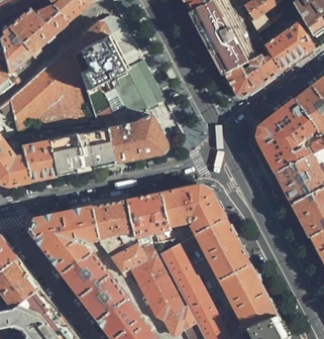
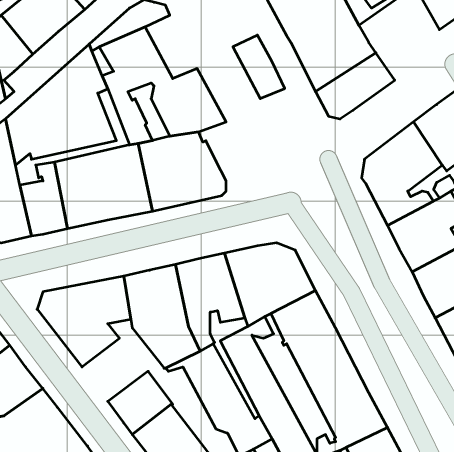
building: [263,20,314,71] -> none
building: [107,25,143,70] -> [233,35,285,99]
building: [63,250,109,296] -> none

